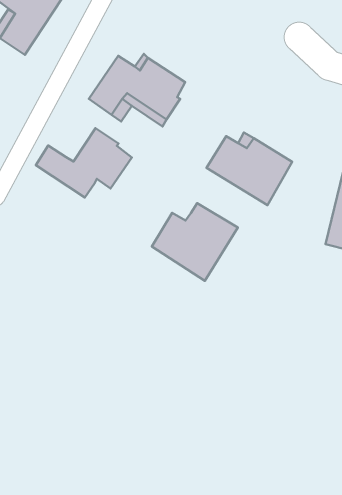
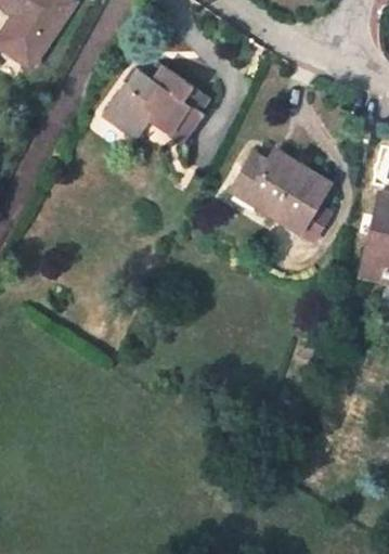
building: [36,128,132,197] -> none
building: [152,203,238,281] -> none

